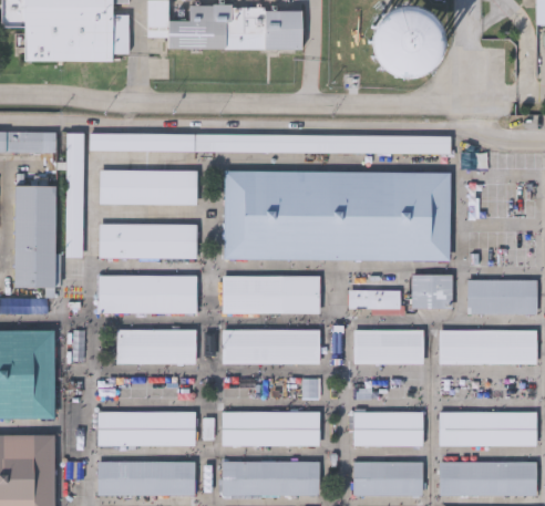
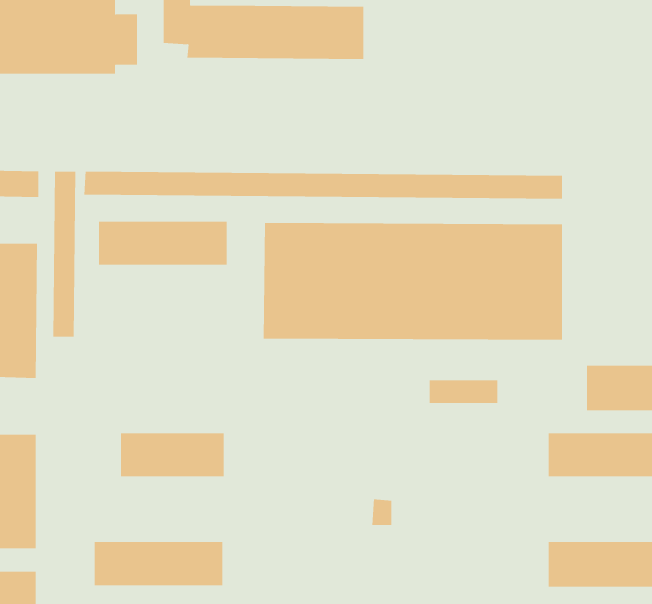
building: [372,12,435,75] -> none
building: [99,225,196,258] -> none
building: [412,275,452,308] -> none
building: [97,276,196,313] -> none
building: [223,276,319,313] -> none
building: [222,329,319,363] -> none
building: [353,330,423,363] -> none
building: [222,411,319,445] -> none
building: [353,411,422,446] -> none

